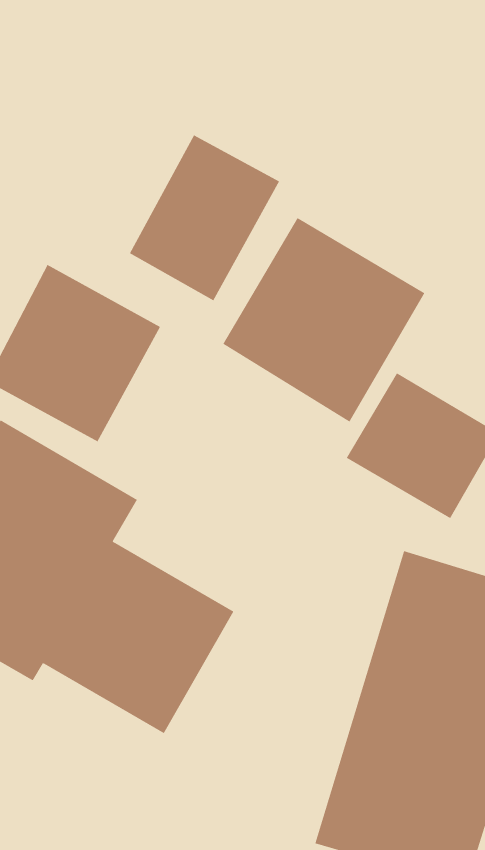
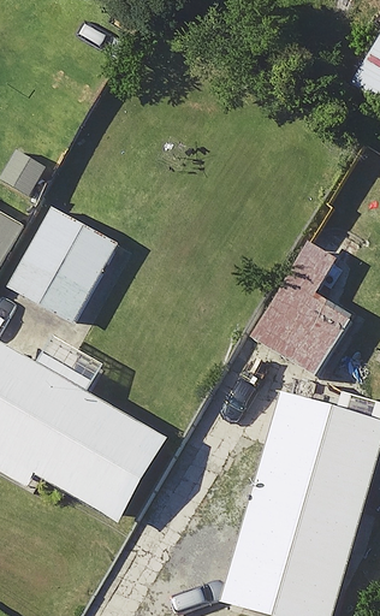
building: [129,134,280,301] -> none
building: [223,217,425,422] -> none

